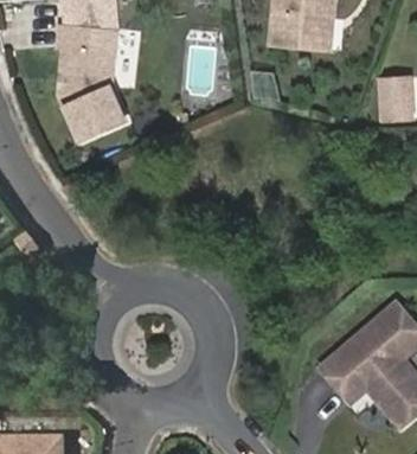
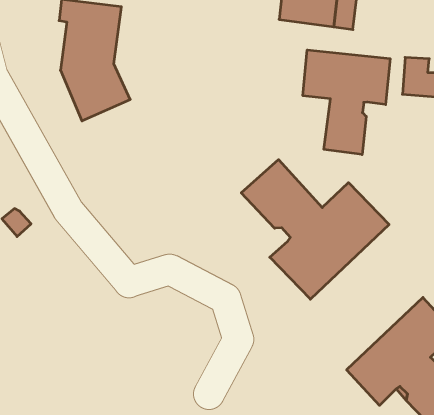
building: none -> [303,50,390,155]
building: none -> [241,160,389,299]

